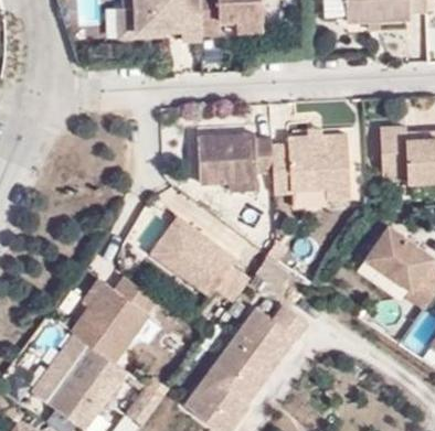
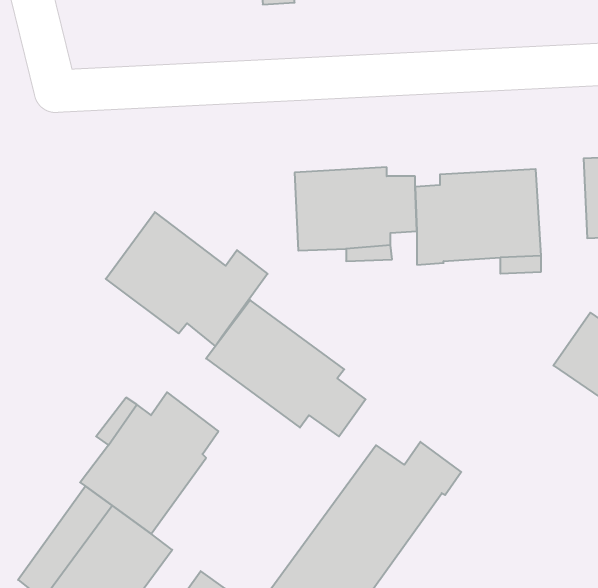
building: none -> [106,212,268,346]

